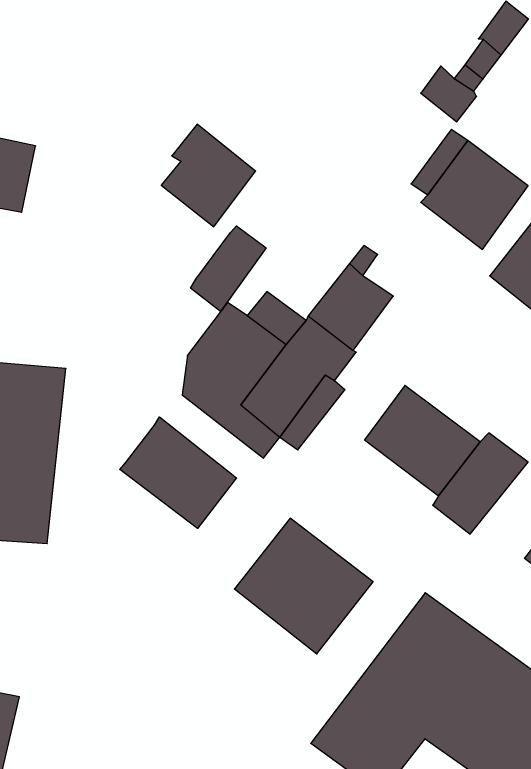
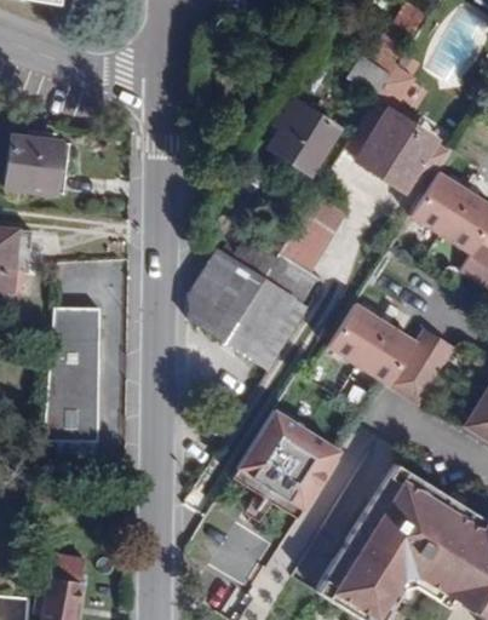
building: [161,124,256,227] -> [270,102,340,178]
building: [191,226,266,311] -> none
building: [120,417,236,528] -> none

